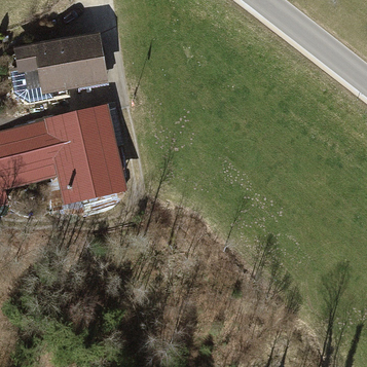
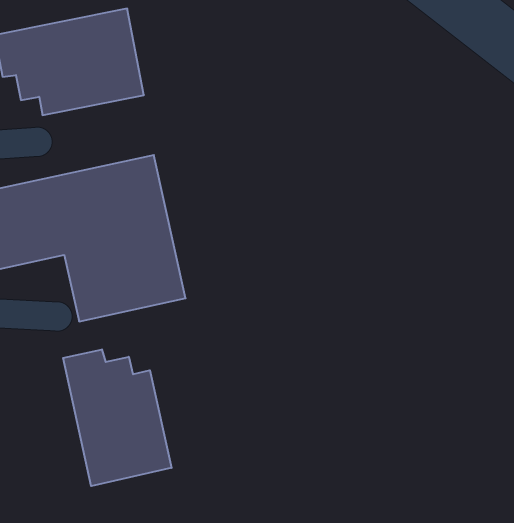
building: none -> [63,349,172,486]

